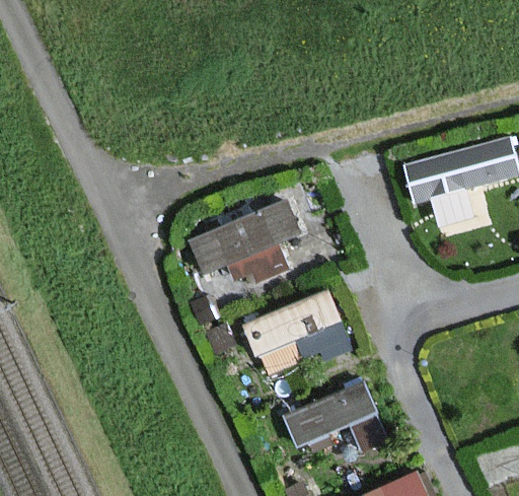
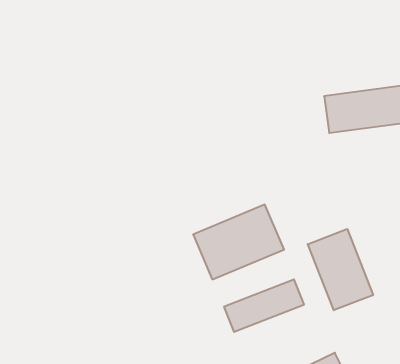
building: [190,202,306,290] -> none
building: none -> [308,229,373,310]

